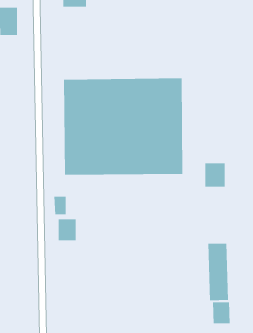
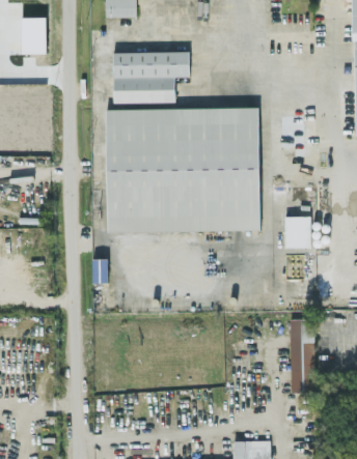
building: none -> [111,53,188,104]
building: [58,218,76,241] -> none
building: [213,301,230,324] -> none

